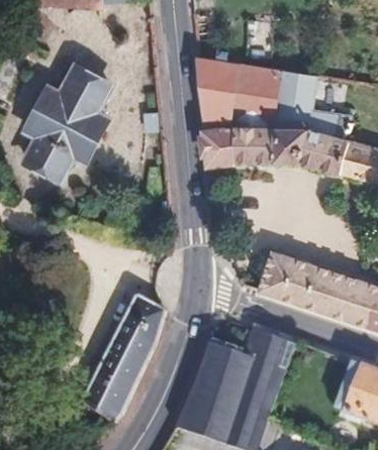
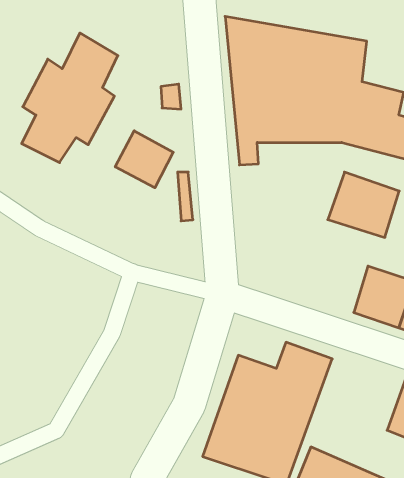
building: none -> [115,131,173,188]
building: [257,250,317,306] -> [328,172,399,237]
building: [85,300,162,426] -> none

